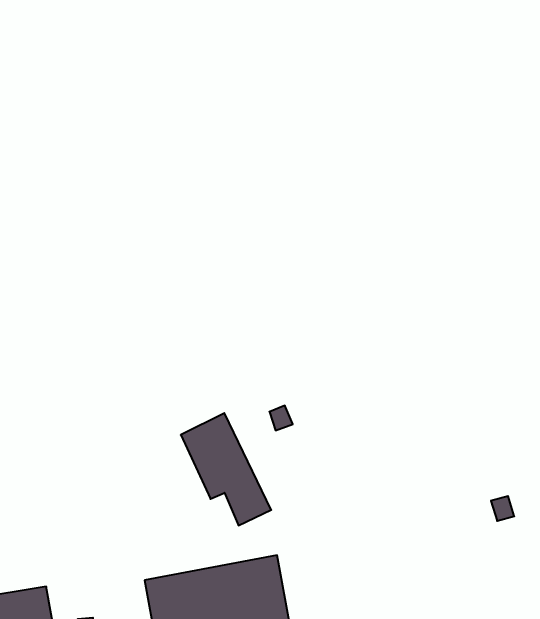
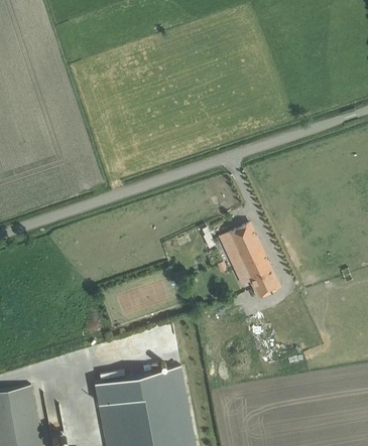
building: [181,413,271,525] -> [221,225,279,297]

